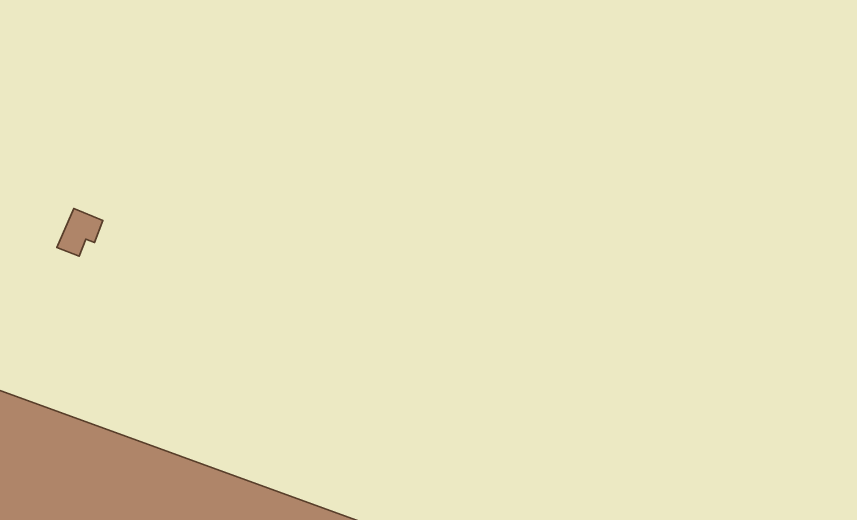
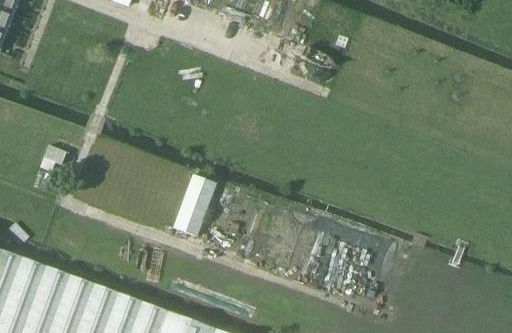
building: none -> [174,175,217,237]

